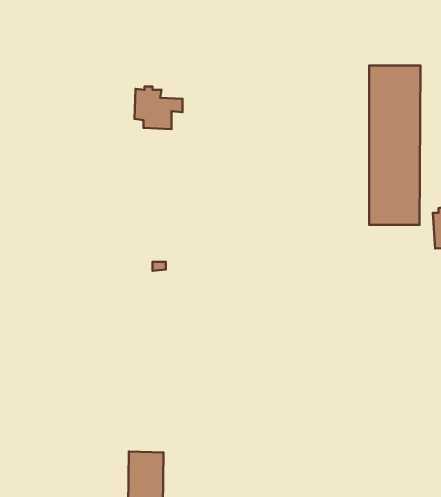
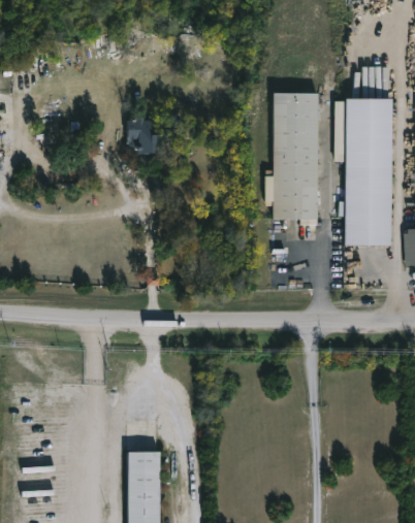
building: none -> [274,92,324,220]

